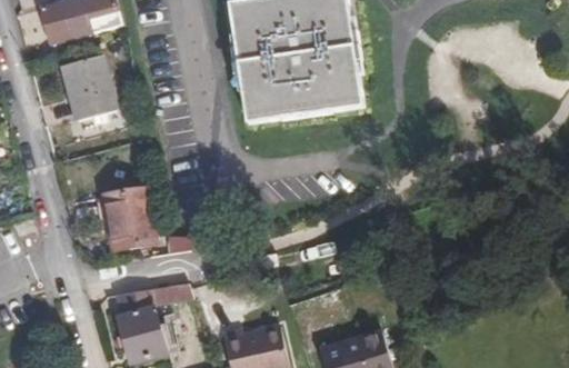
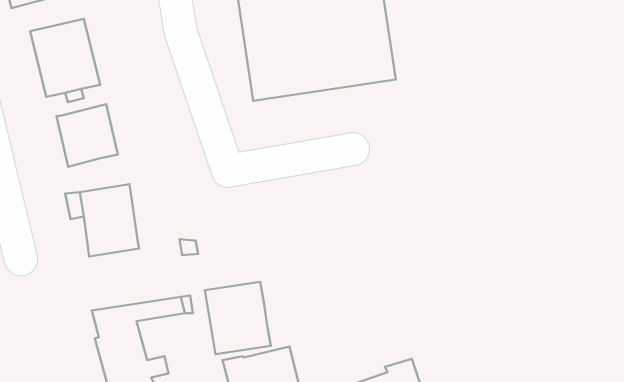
building: none -> [56,104,118,167]
building: none -> [205,282,271,354]

